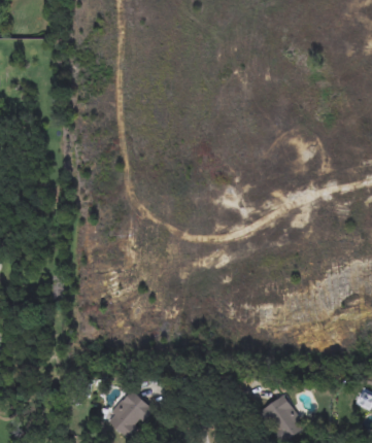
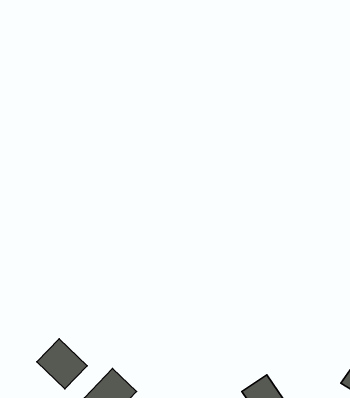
building: none -> [37,339,87,389]

